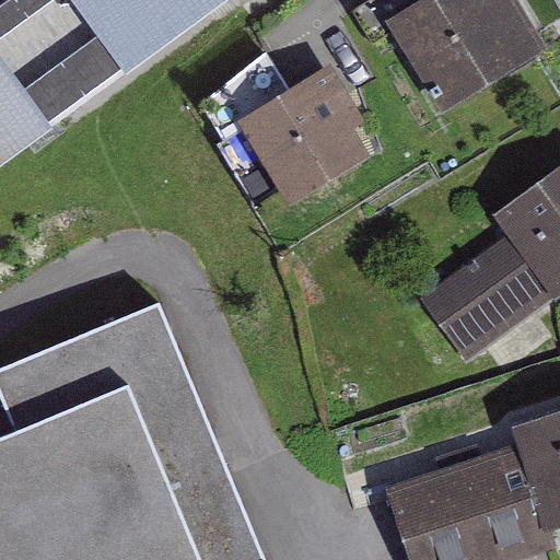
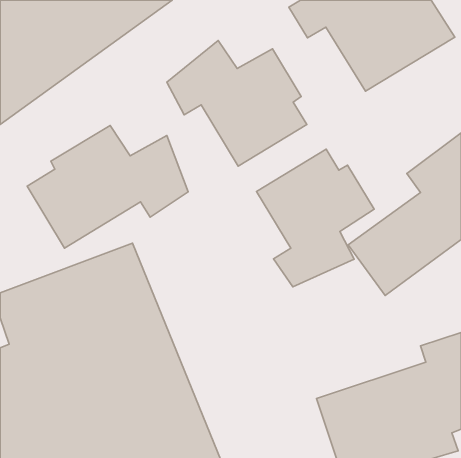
building: none -> [27,125,188,248]
building: none -> [256,149,374,287]

